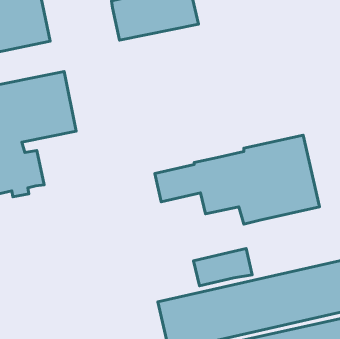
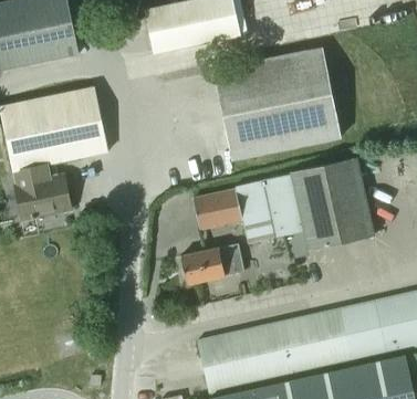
building: none -> [213,48,342,160]
building: [194,249,252,286] -> [180,243,244,284]

